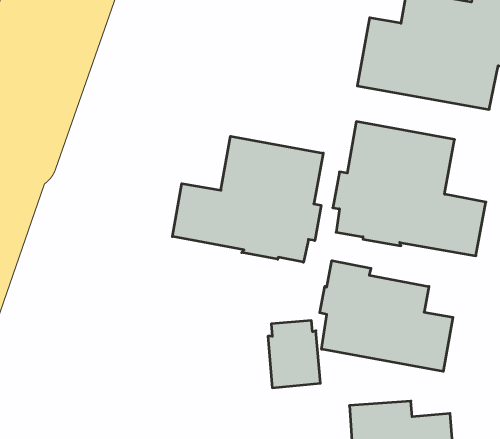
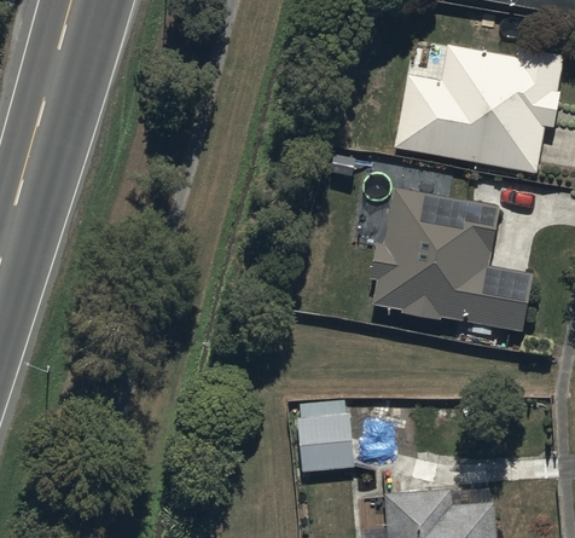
building: [172,136,323,262] -> none
building: [320,261,453,371] -> none

